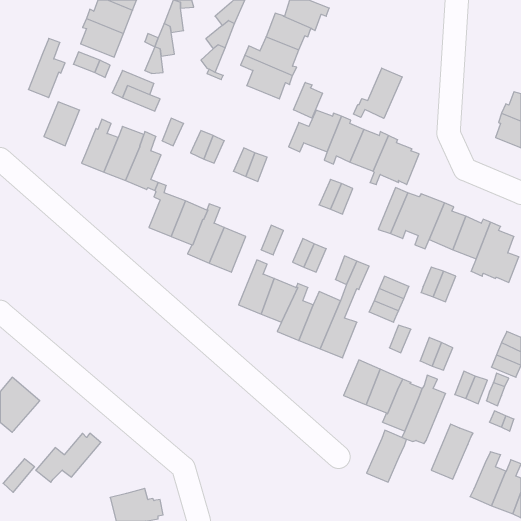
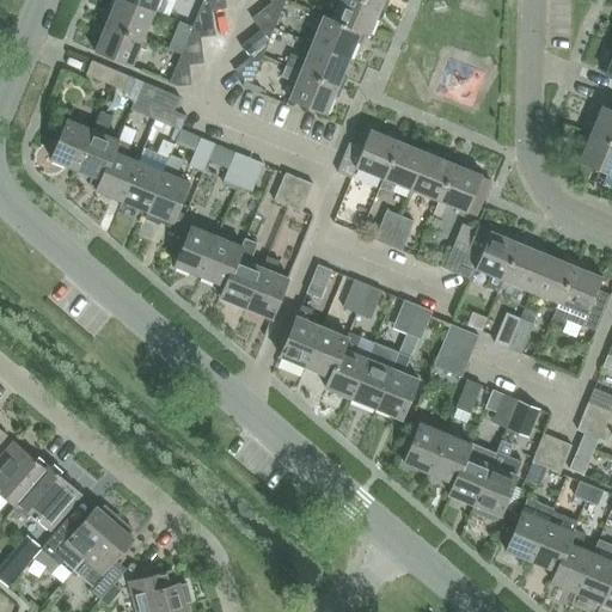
building: [28,38,65,98] -> [76,111,120,180]
building: [354,68,402,118] -> none
building: [294,82,322,118] -> none
building: none -> [17,467,81,532]
building: [367,430,406,482] -> [531,512,577,573]
building: none -> [84,519,134,600]

